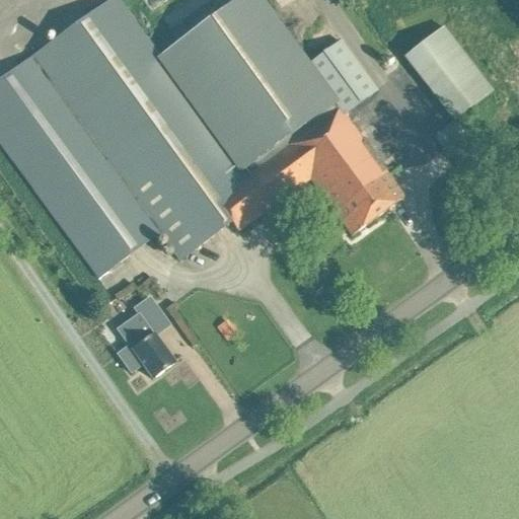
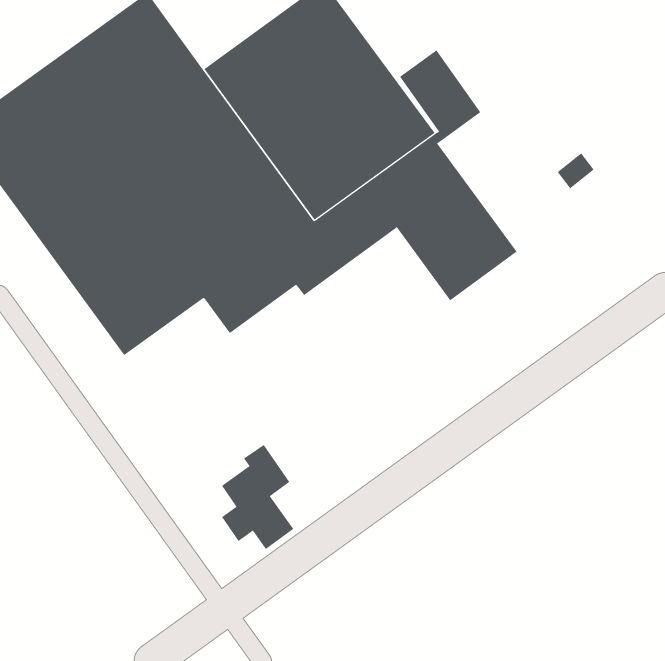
building: [410,21,497,119] -> none
building: [116,296,172,378] -> [221,444,294,550]

